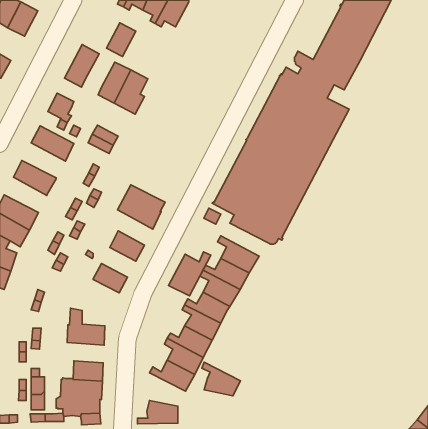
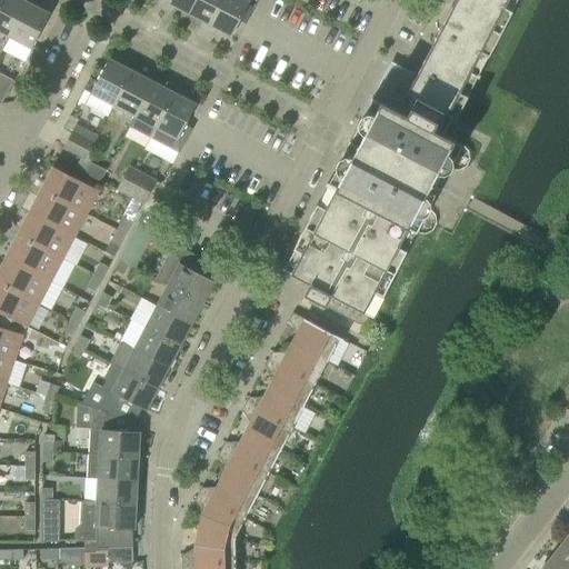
building: [106,23,136,57] -> [113,71,152,116]
building: none -> [29,189,87,236]
building: none -> [6,234,62,281]
building: none -> [157,284,202,325]
building: none -> [134,328,180,367]
building: [169,252,211,296] -> none
building: none -> [81,363,158,412]
building: none -> [88,453,138,480]
building: [202,362,240,396] -> [194,493,246,538]

